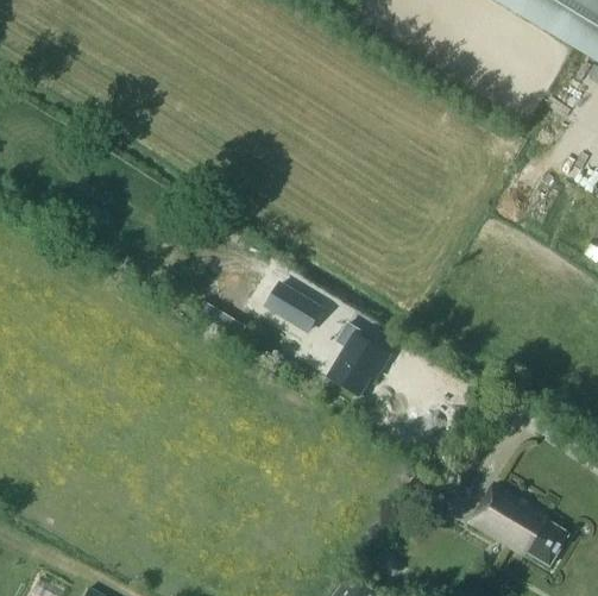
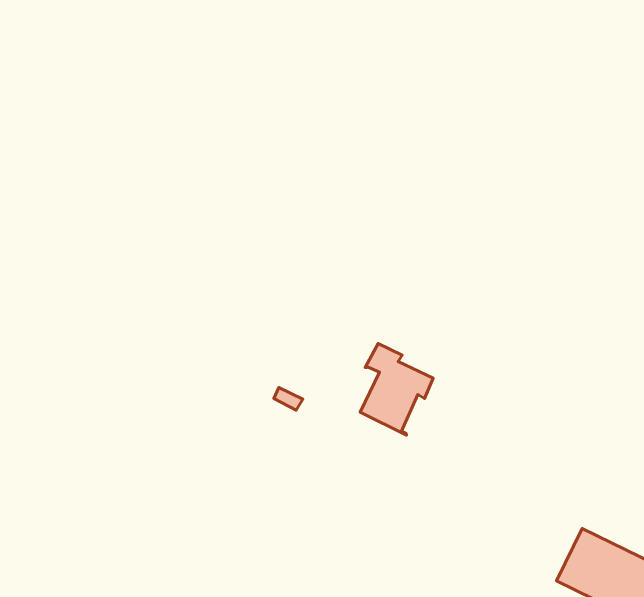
building: [263,280,319,330] -> none

